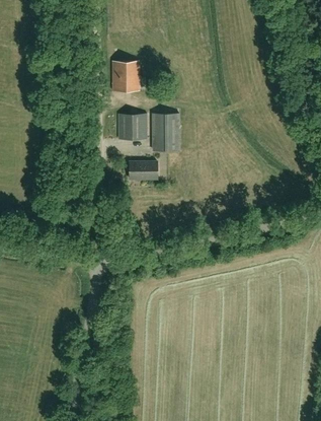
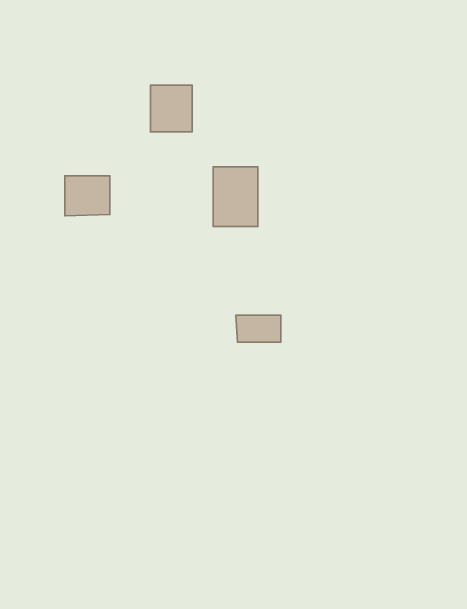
building: [118,114,147,139] -> [65,176,110,216]
building: [129,161,157,179] -> [236,315,281,342]

